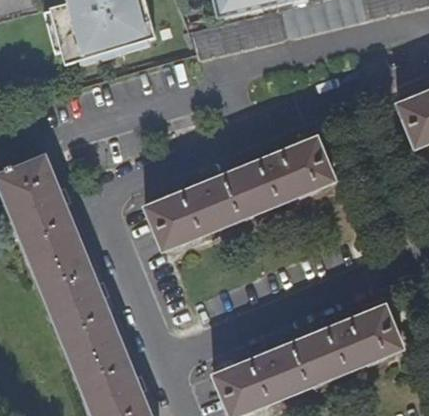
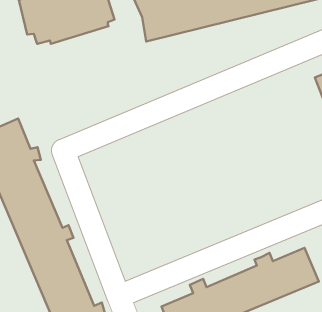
building: [147,138,334,250] -> none

